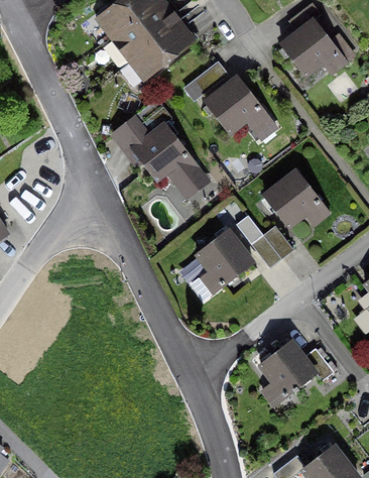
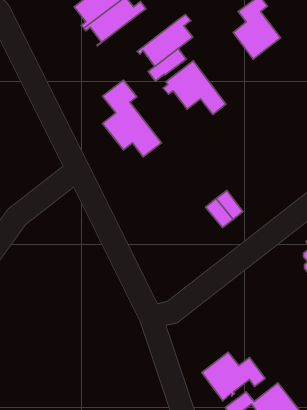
building: [126,18,190,78] -> [137,14,193,66]
building: [264,171,320,227] -> none
building: [191,228,251,300] -> none
building: [260,342,333,397] -> [202,352,265,401]

